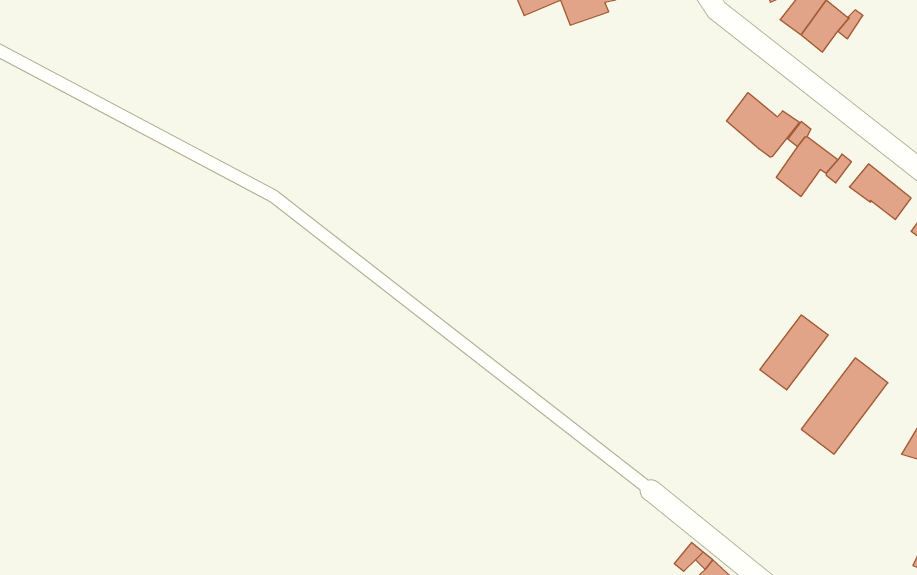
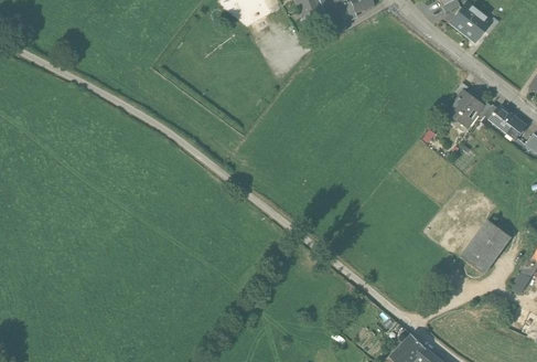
building: [726,93,799,157] -> none
building: [760,315,828,390] -> none

